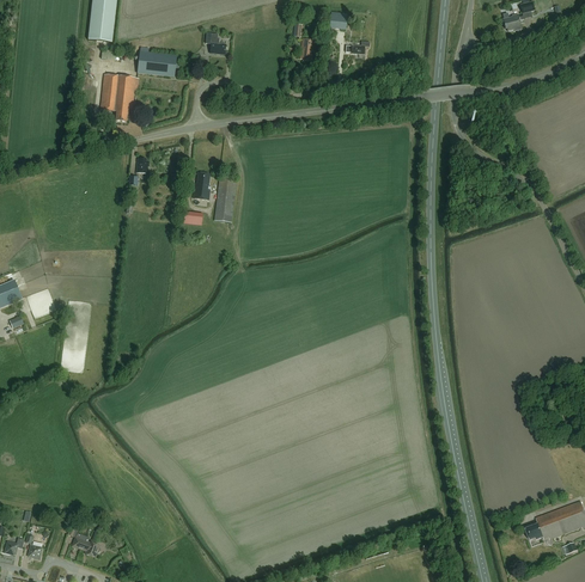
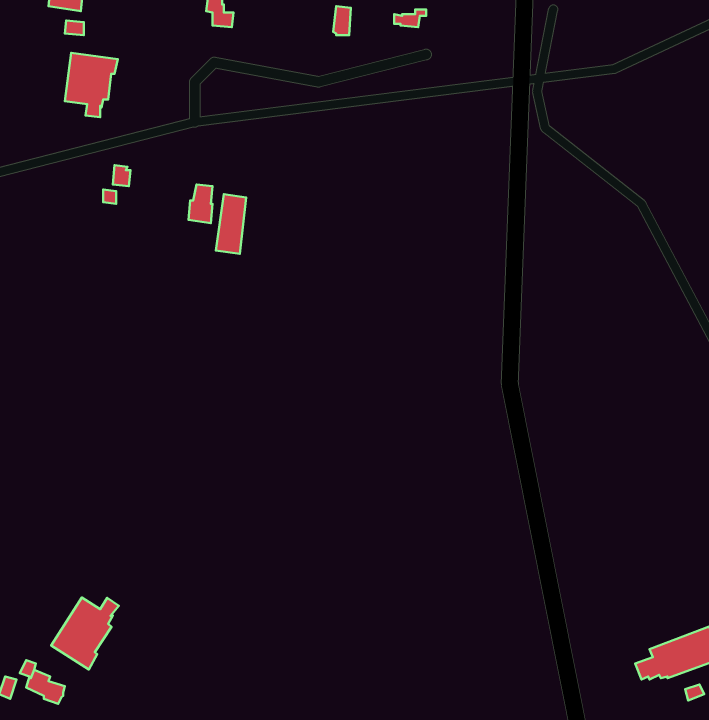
building: [138,51,177,78] -> none
building: none -> [51,598,119,670]

